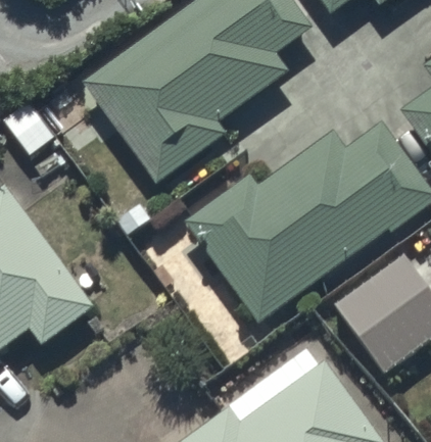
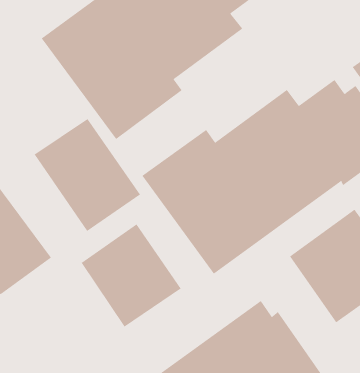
building: none -> [34,118,141,232]
building: none -> [81,223,181,327]

